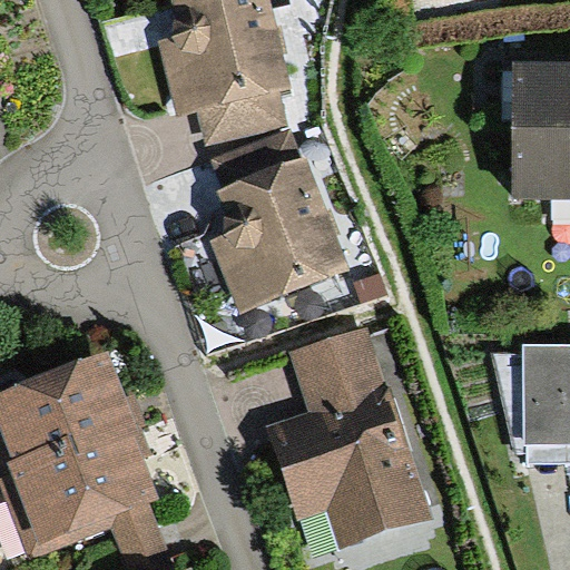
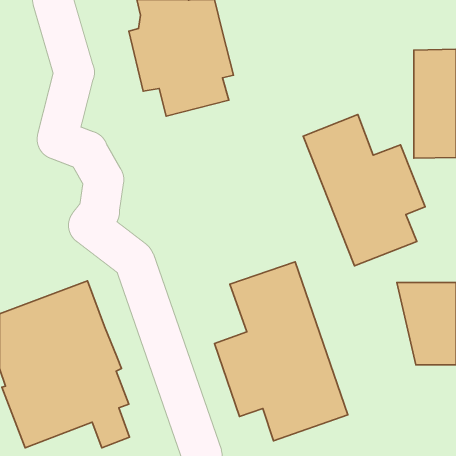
building: [210,128,351,314] -> none
building: none -> [303,115,425,266]

